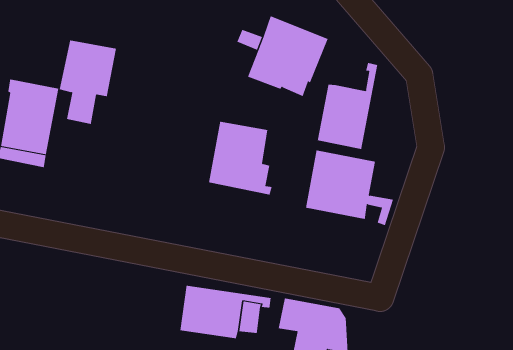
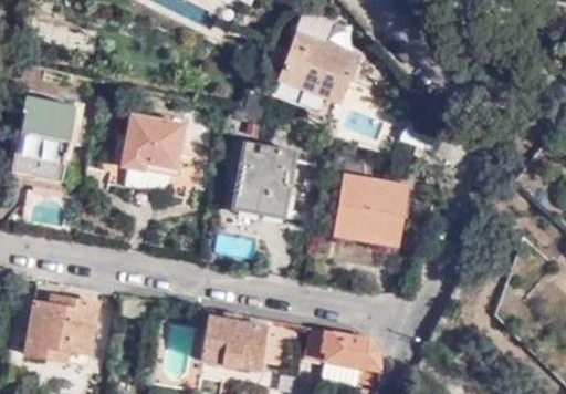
building: [59,40,117,124] -> [123,115,184,204]
building: [317,62,378,150] -> none
building: none -> [23,277,98,363]

